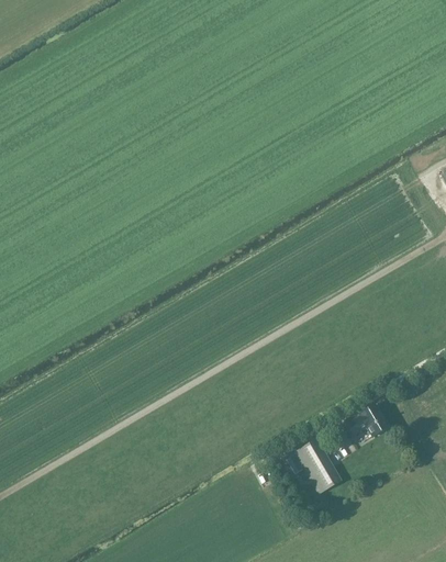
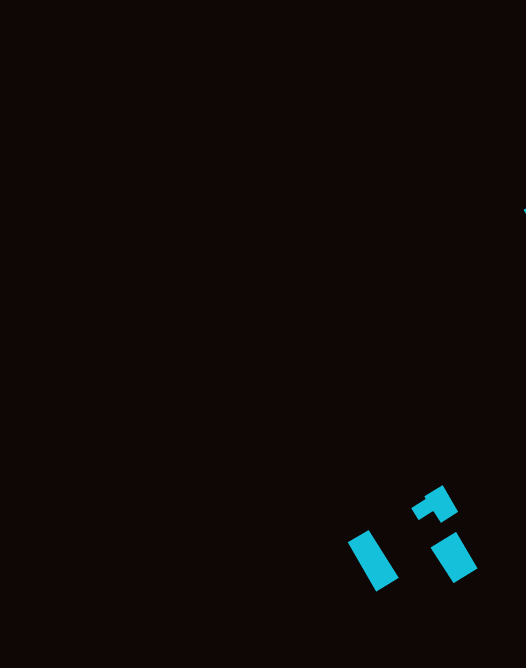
building: none -> [429,531,478,584]

